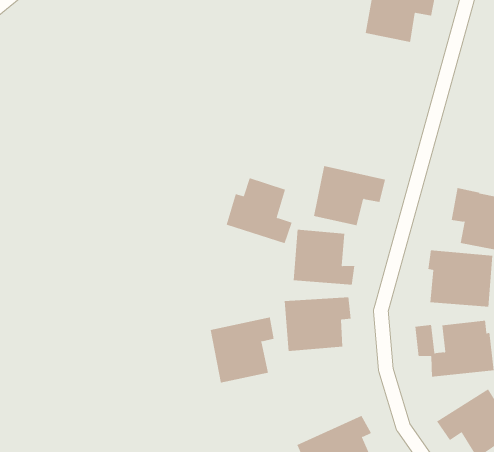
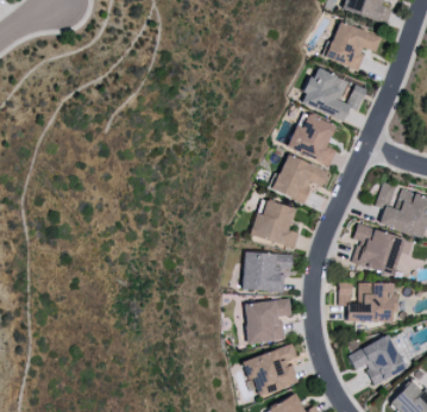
building: none -> [300,67,366,119]
building: [226,178,293,244] -> [287,113,337,166]
building: [210,317,275,383] -> [244,298,291,343]

